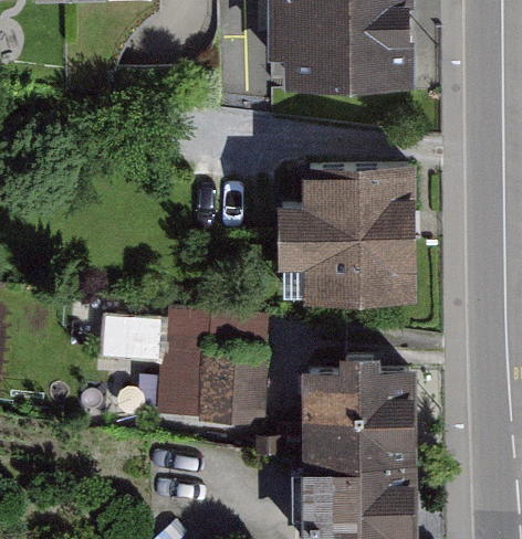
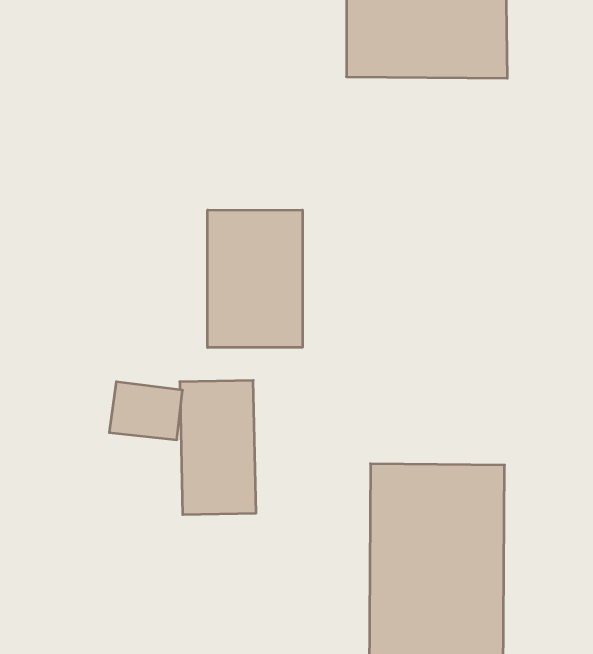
building: [297,172,406,296] -> none
building: none -> [208,210,302,348]

